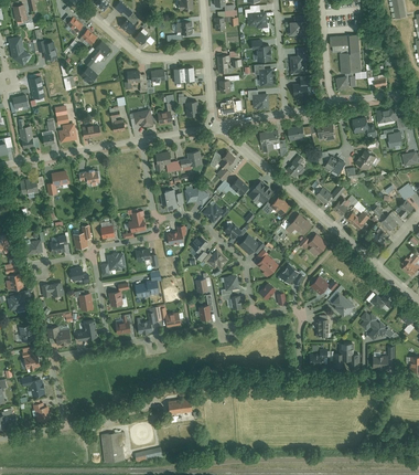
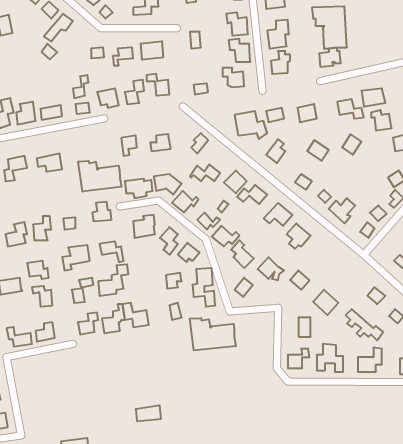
building: none -> [78,161,121,192]
building: none -> [190,318,236,350]

